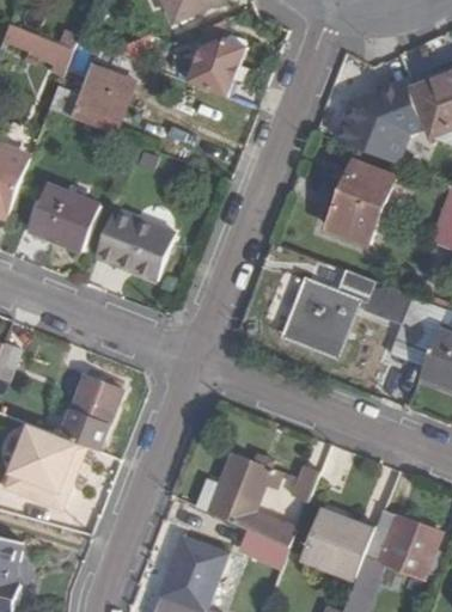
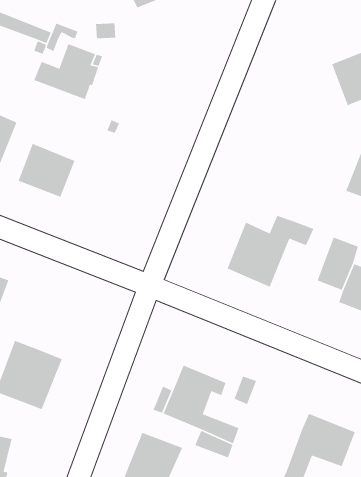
building: [185,36,244,94] -> none
building: [338,82,423,161] -> none
building: [323,160,393,246] -> none
building: [94,208,173,280] -> none
building: [60,375,122,451] -> none
building: [300,509,373,581] -> none

